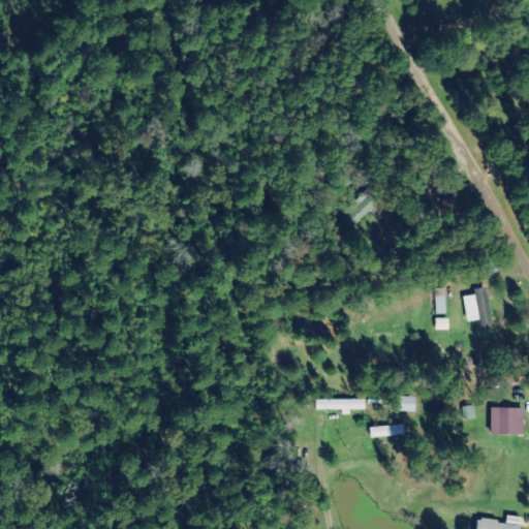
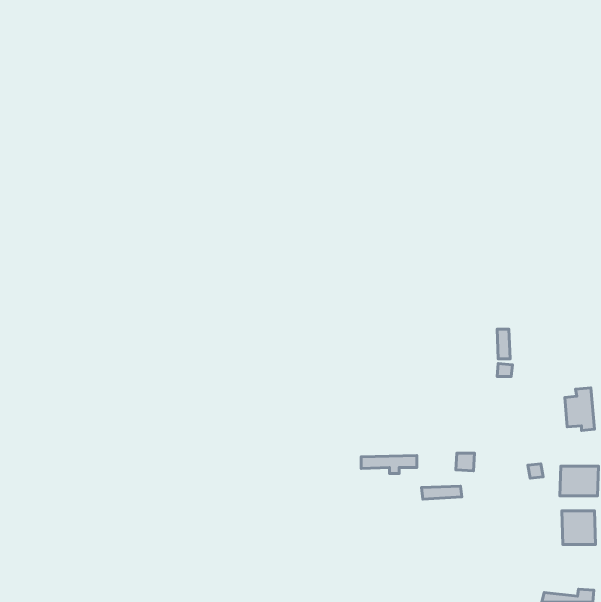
building: [464,287,490,324] -> [565,388,594,430]
building: none -> [562,511,596,544]

